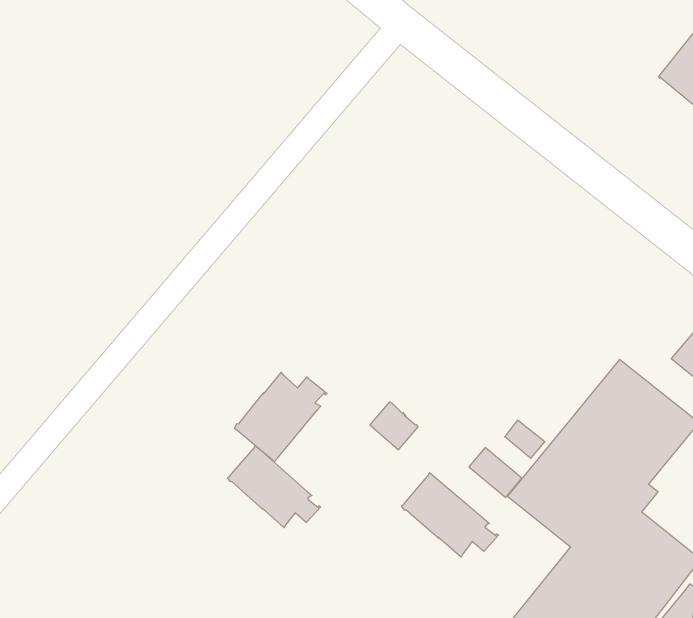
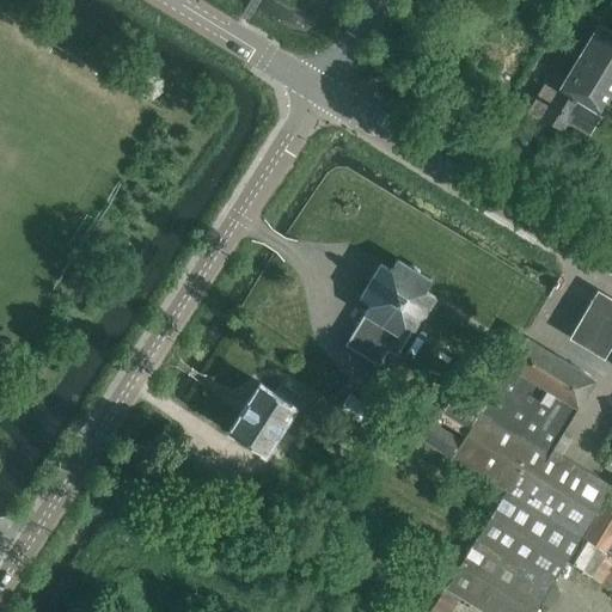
building: none -> [345,264,435,369]
building: [228,446,321,528] -> none
building: [401,473,499,557] -> none

